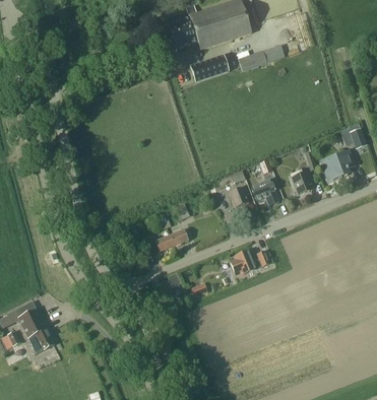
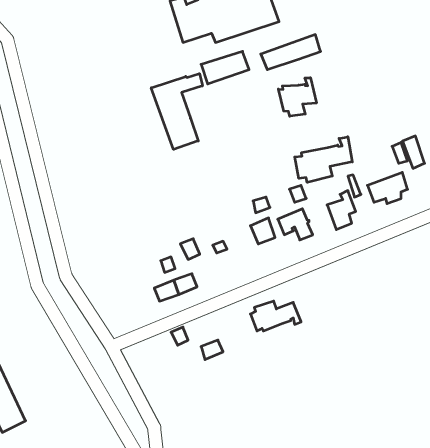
building: none -> [151,74,202,149]
building: none -> [278,78,316,116]
building: none -> [295,137,352,182]

